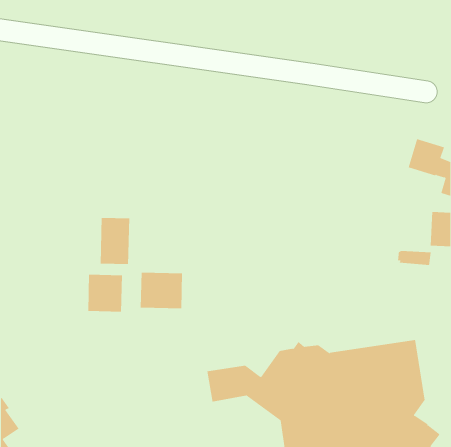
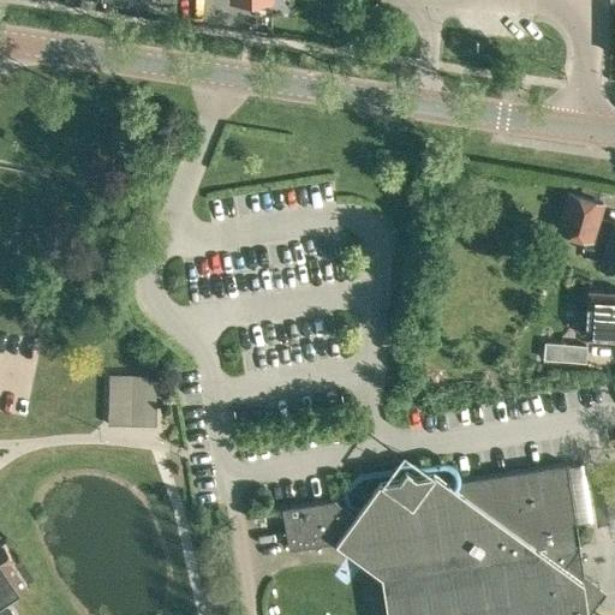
building: [100,217,130,265] -> none
building: [140,272,183,309] -> none

